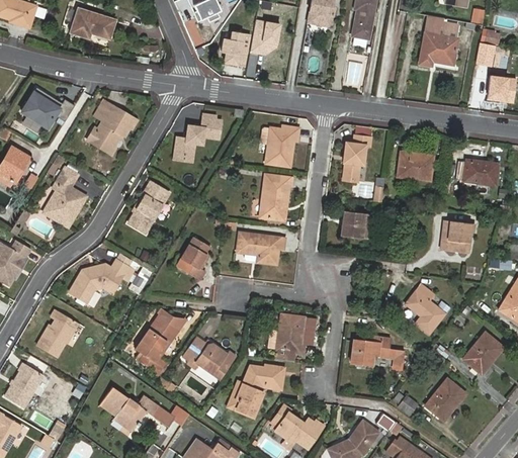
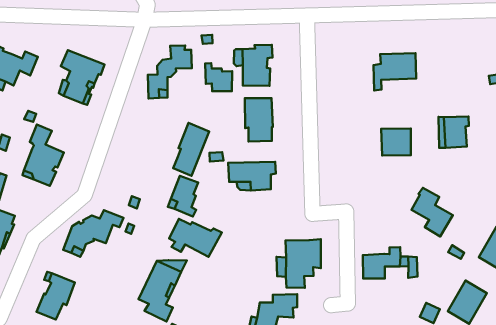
building: [341,134,368,179] -> none
building: none -> [205,63,232,91]
building: [455,160,497,186] -> none
building: [128,182,168,233] -> [173,123,209,176]
building: [341,209,372,239] -> [381,128,411,156]
building: [185,337,236,377] -> [169,219,222,257]

